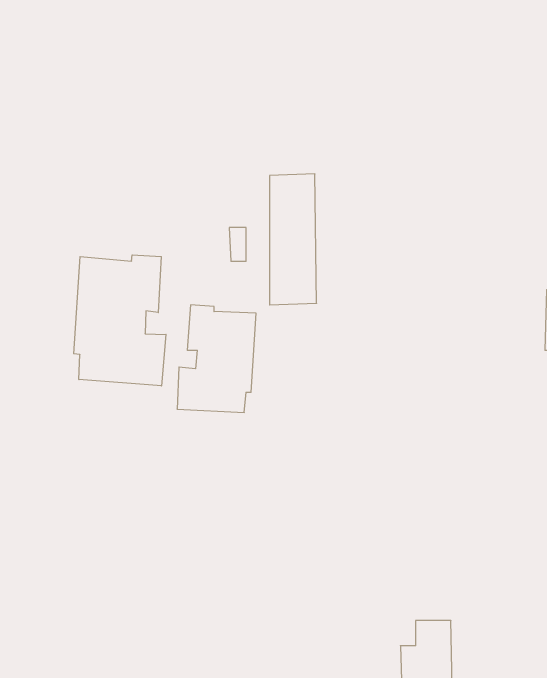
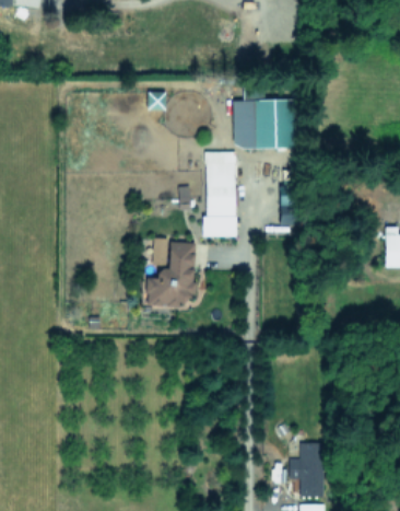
building: none -> [233,91,296,150]
building: [74,255,166,386] -> none

